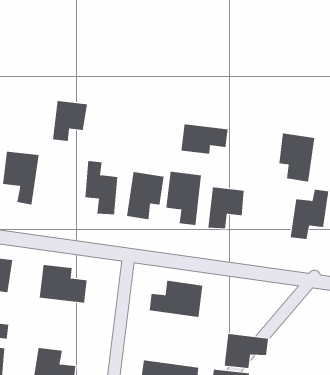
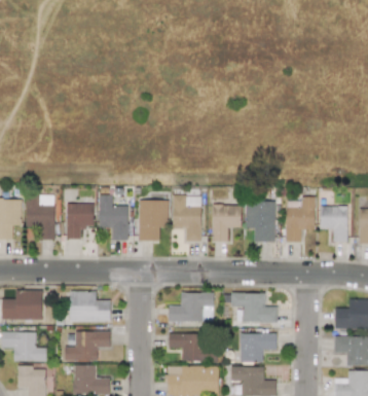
building: [52,101,88,141] -> [67,204,95,239]
building: [181,124,228,154] -> none
building: [279,133,315,182] -> [246,201,275,242]
building: none -> [231,292,278,322]
building: none -> [65,331,111,360]
building: none -> [169,333,218,362]

